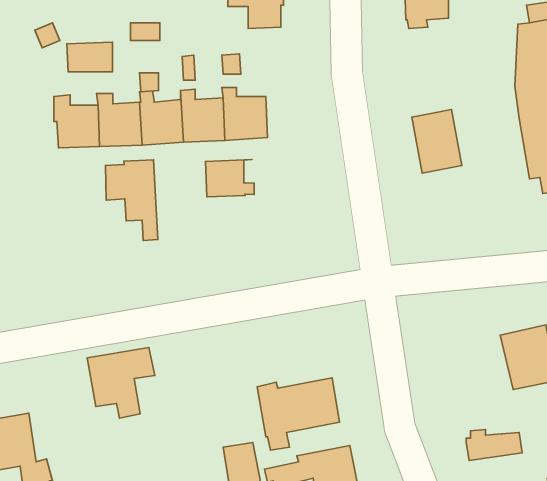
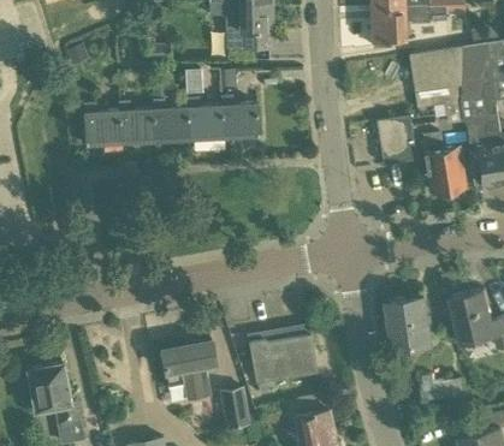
building: none -> [408,46,463,125]
building: [67,42,113,72] -> none
building: none -> [423,133,463,192]
building: [206,159,254,197] -> none
building: [106,160,158,240] -> none
building: none -> [386,297,432,352]
building: [87,347,155,418] -> [160,341,215,399]

